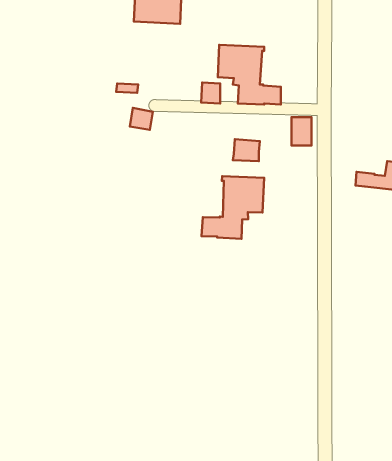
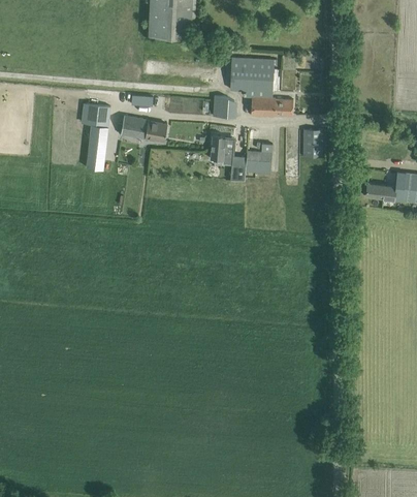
building: none -> [79,103,109,169]
building: none -> [120,116,147,138]
building: none -> [210,135,232,165]
building: [201,176,264,239] -> none

